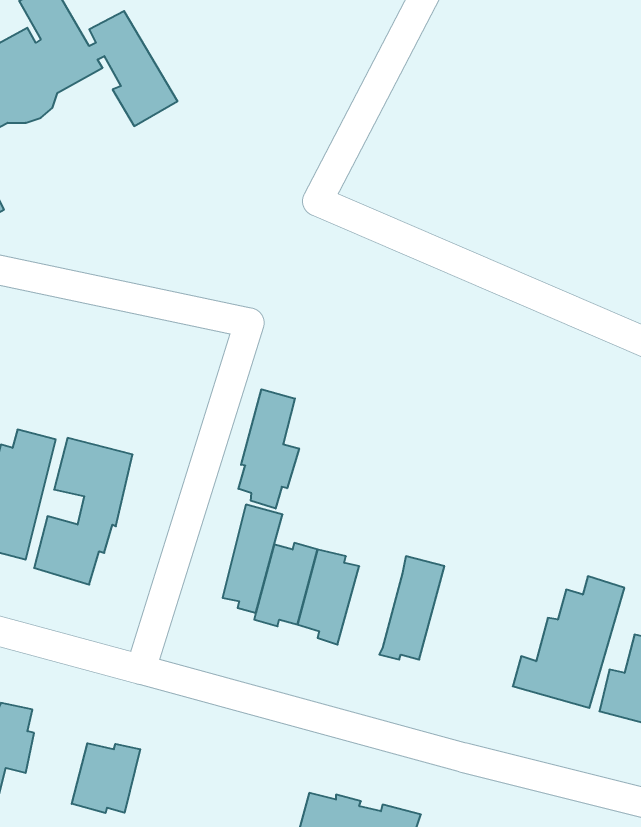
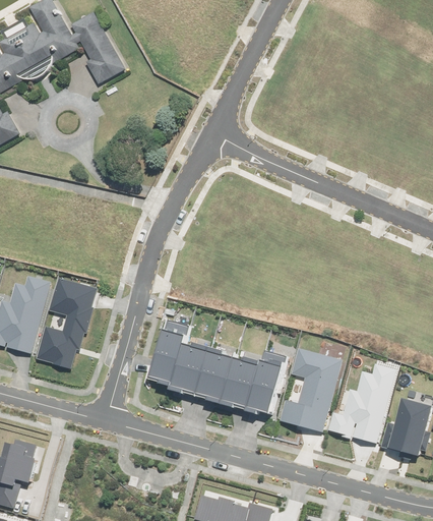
building: [238,389,299,509] -> none
building: none -> [277,349,341,431]
building: none -> [221,356,260,408]
building: [72,743,140,813] -> none

